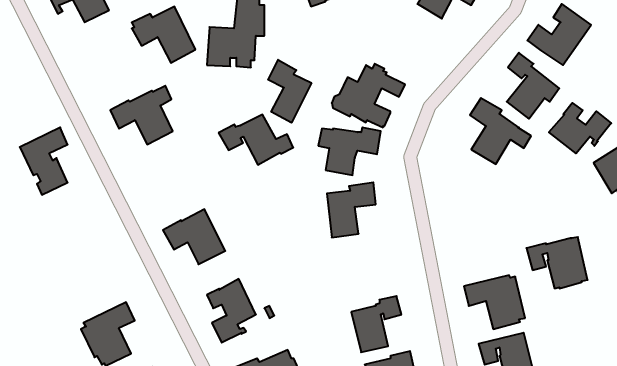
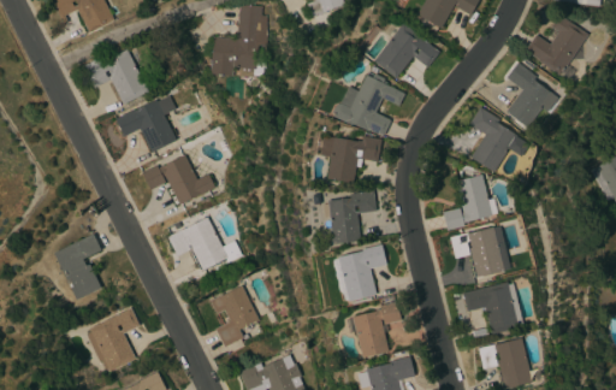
building: [132,7,195,63] -> [85,49,148,105]
building: none -> [374,23,440,78]
building: [268,60,311,123] -> none
building: [549,103,611,153] -> none
building: [219,115,293,165] -> [142,155,215,205]
building: [20,127,68,195] -> [54,234,101,300]
building: none -> [443,173,492,230]
building: [526,237,588,288] -> [450,226,510,277]
building: none -> [338,244,387,301]

